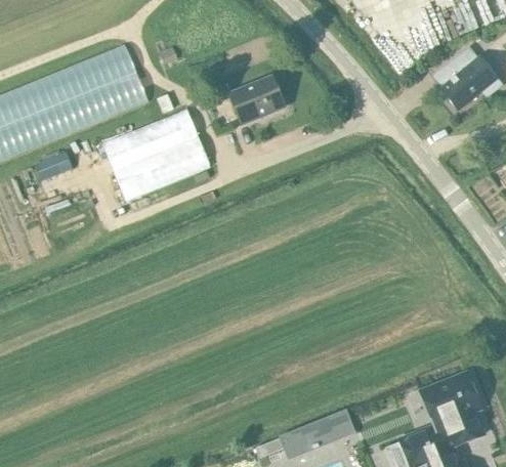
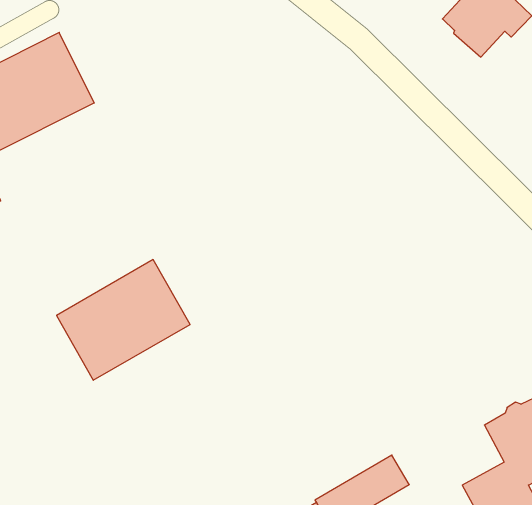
building: [228,76,282,123] -> none
building: [104,111,207,198] -> [57,260,190,380]

